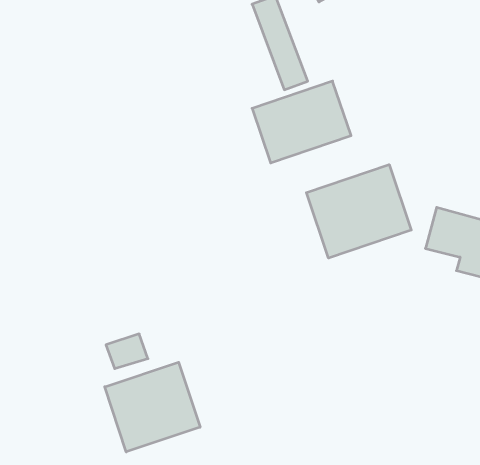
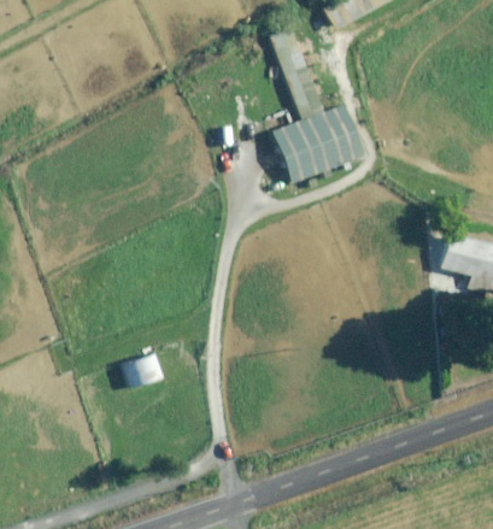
building: [306,165,411,258] -> none
building: [105,362,200,452] -> none

